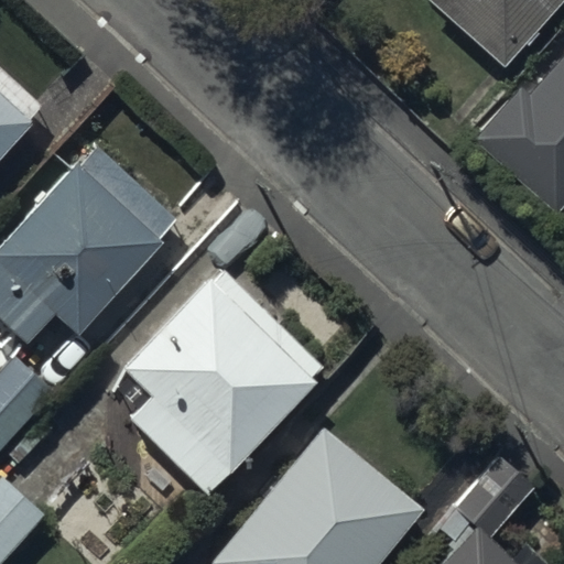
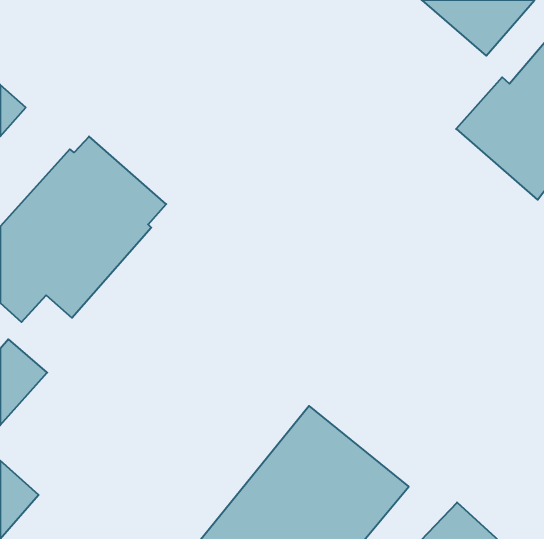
building: [123,272,321,488] -> none

